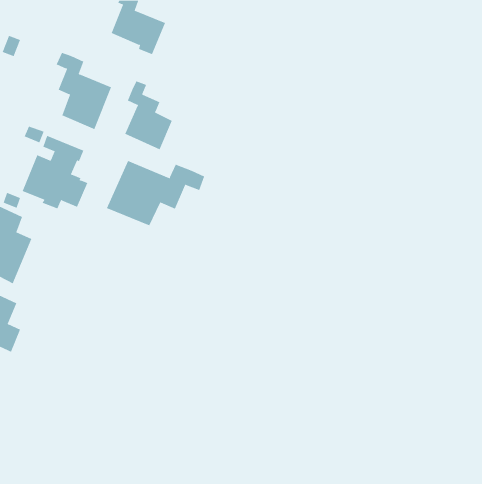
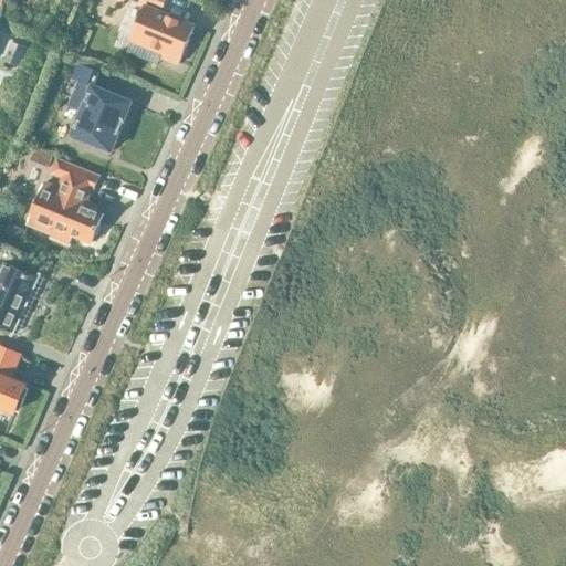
building: [125,80,173,150] -> none
building: [106,160,205,226] -> none

